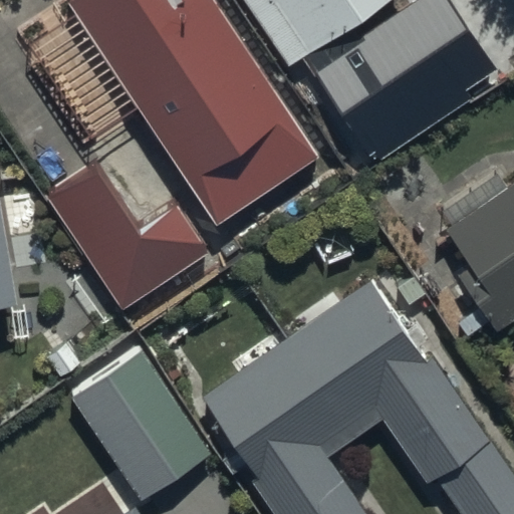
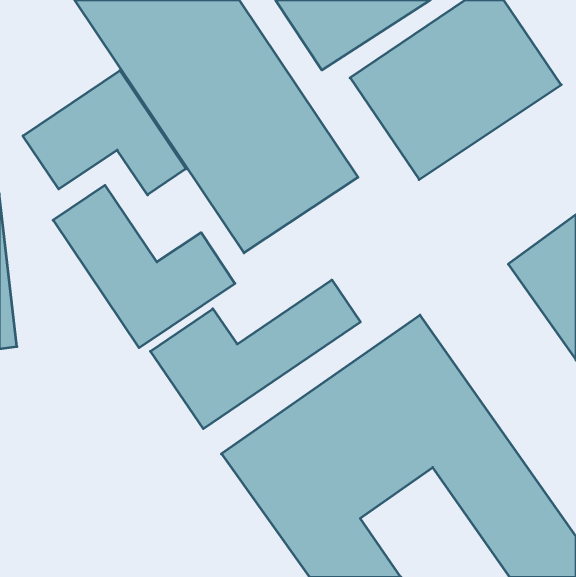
building: none -> [23,71,186,195]
building: none -> [150,280,360,429]
building: [70,347,205,492] -> none

